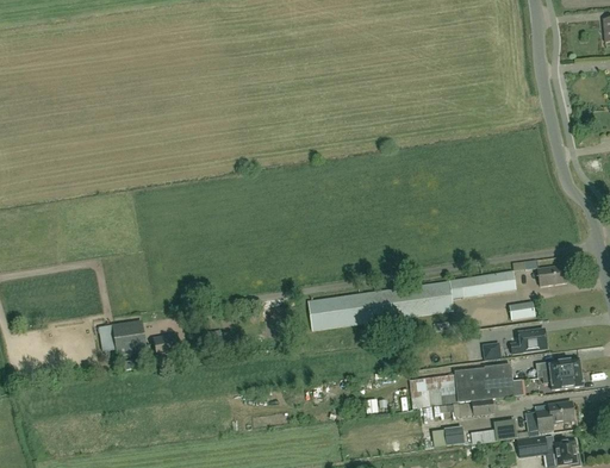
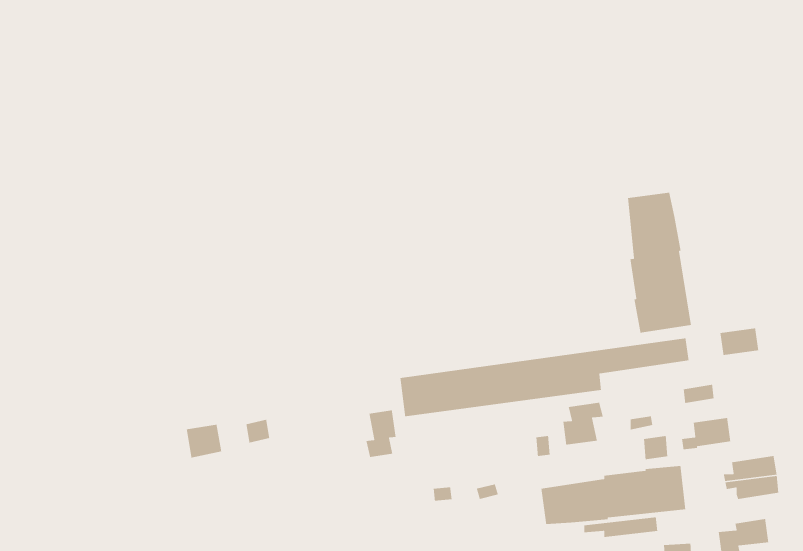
building: none -> [627,192,692,333]
building: none -> [562,402,604,446]
building: [98,319,145,356] -> none
building: none -> [366,409,396,458]

